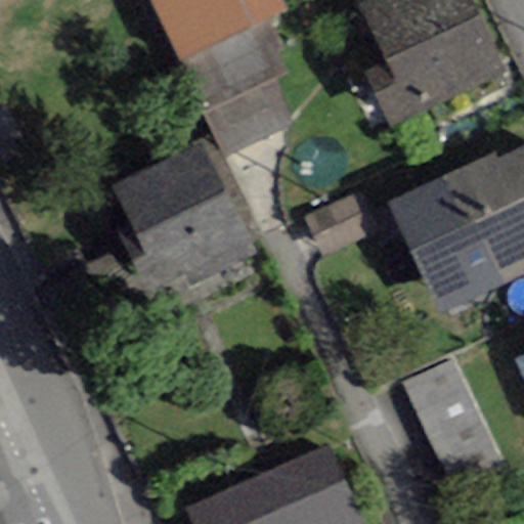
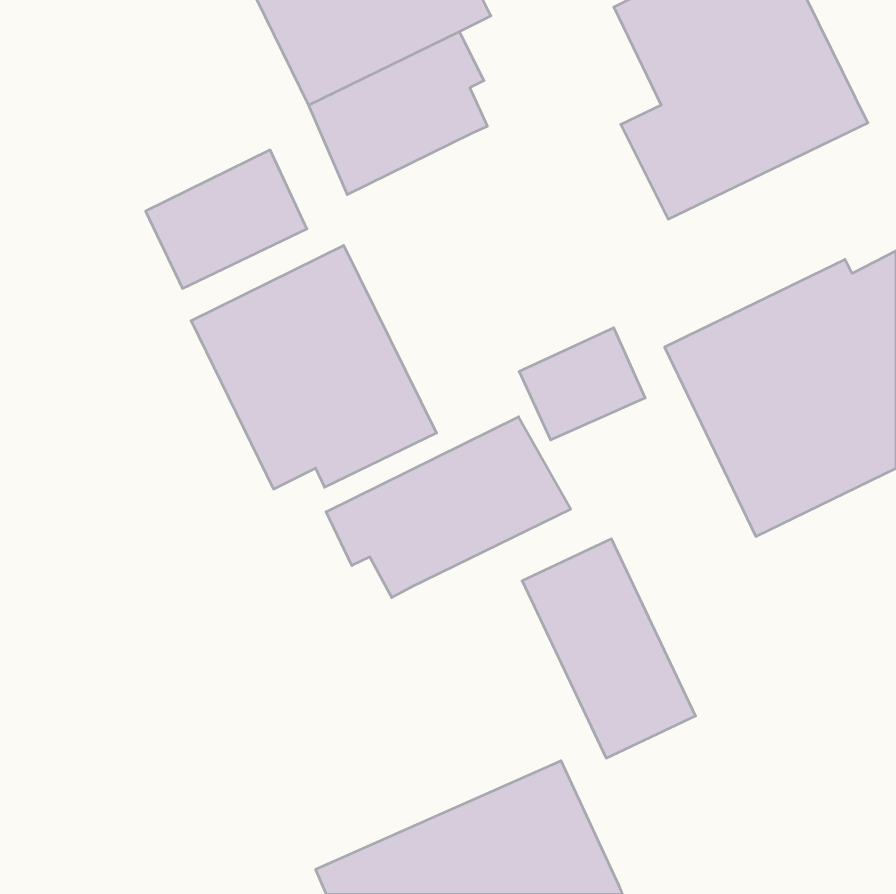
building: [203,78,297,159] -> [146,150,307,288]
building: none -> [326,417,571,598]
building: [401,360,503,488] -> [522,539,696,758]

